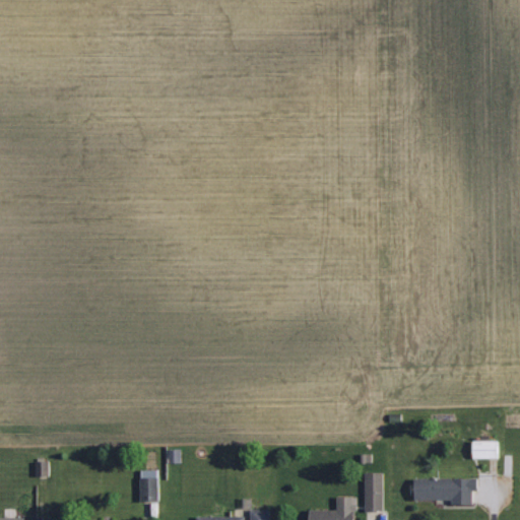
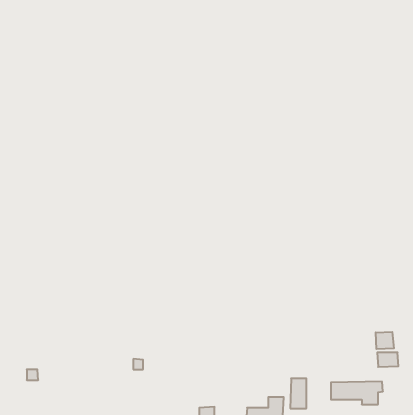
building: none -> [376,332,394,349]
building: [139,470,156,501] -> none

